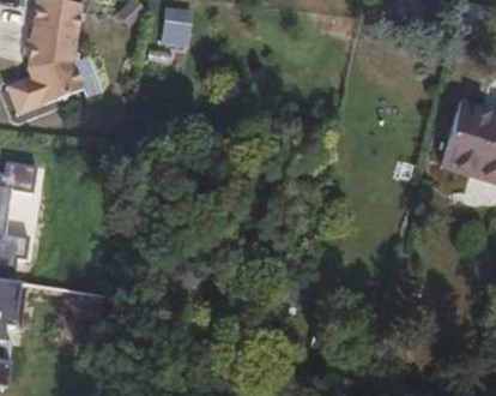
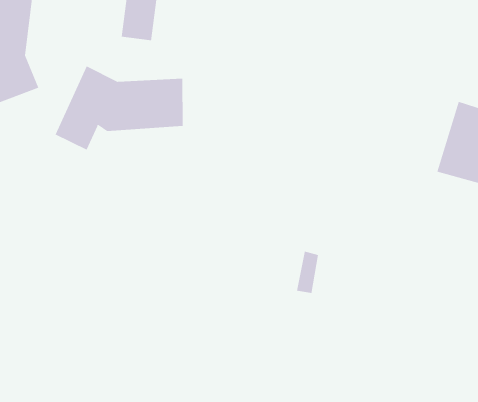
building: none -> [55,65,183,151]

